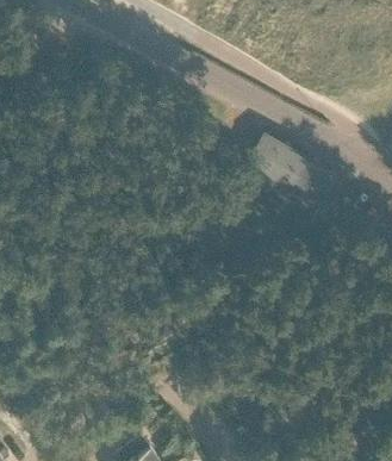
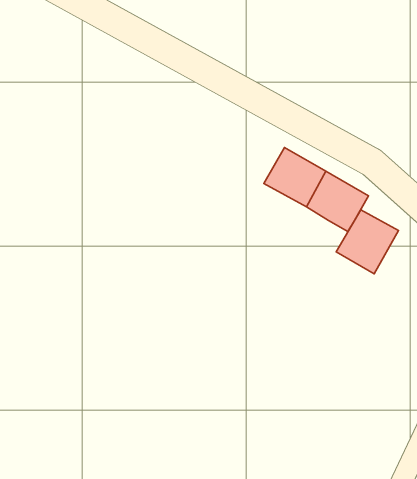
building: none -> [336,210,398,274]

